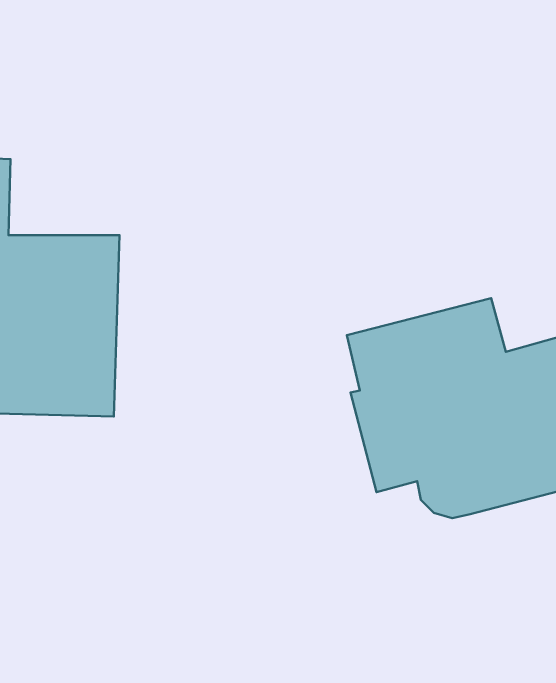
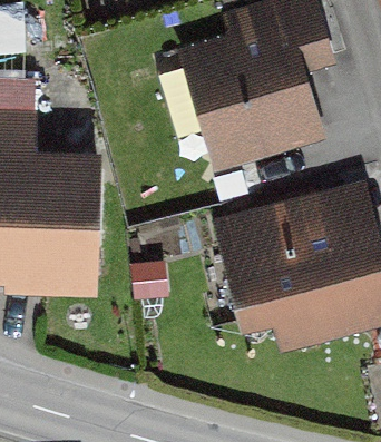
building: none -> [192,27,316,157]

